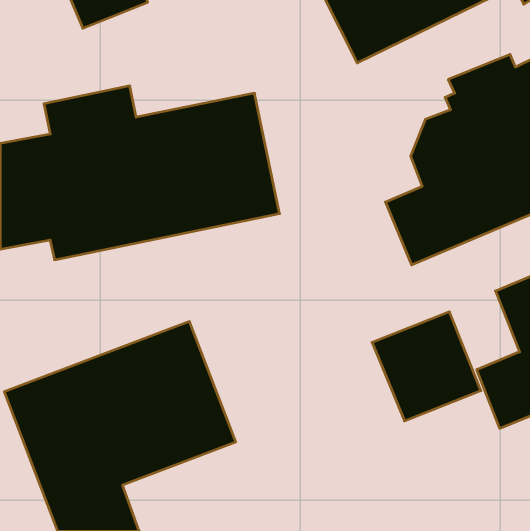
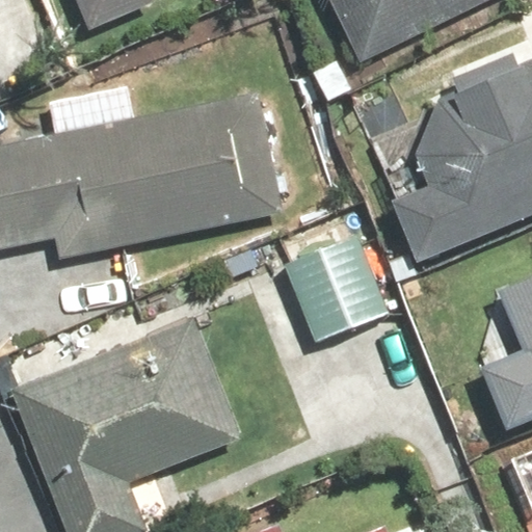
building: [372,312,481,421] -> [283,235,391,343]

